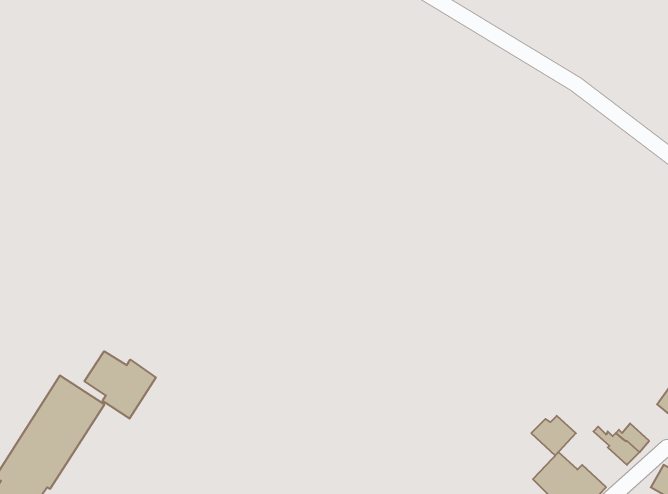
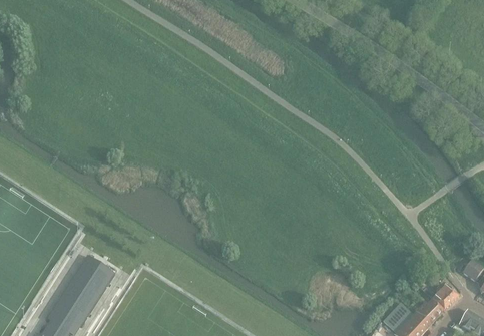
building: [85,351,156,419] -> none
building: [531,416,576,456] -> [415,299,443,324]

